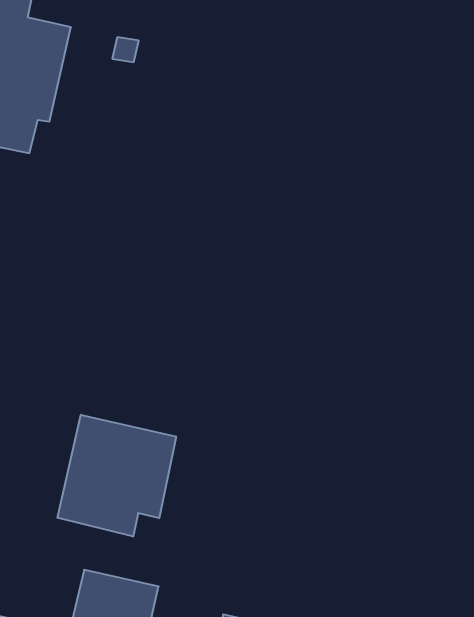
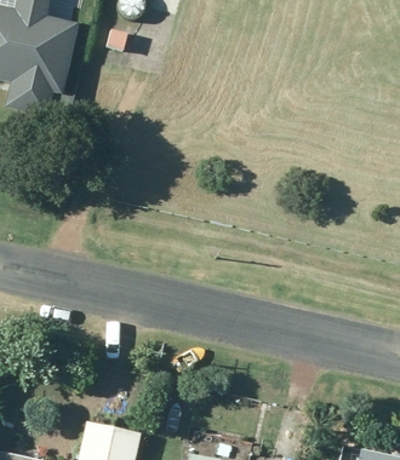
building: [58,415,176,537] -> none

